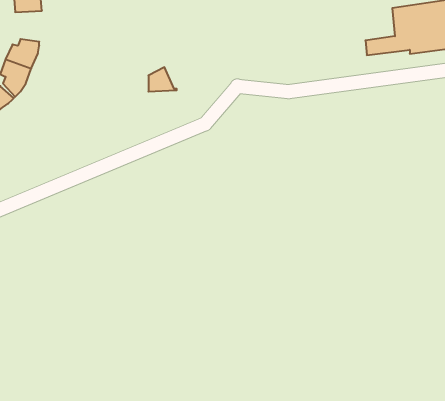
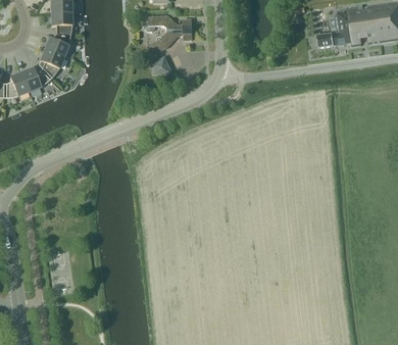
building: none -> [51,13,71,35]
building: none -> [144,16,192,55]

